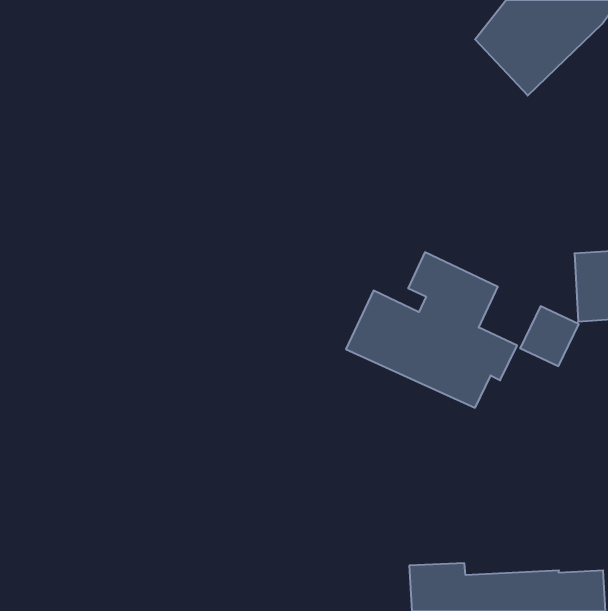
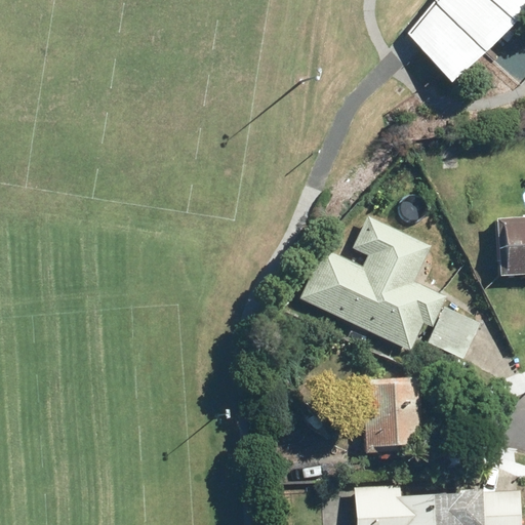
building: [520,306,579,366] -> [427,307,477,358]
building: none -> [360,375,421,453]

